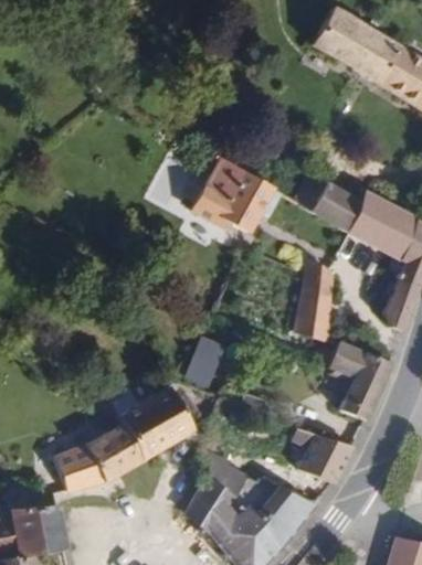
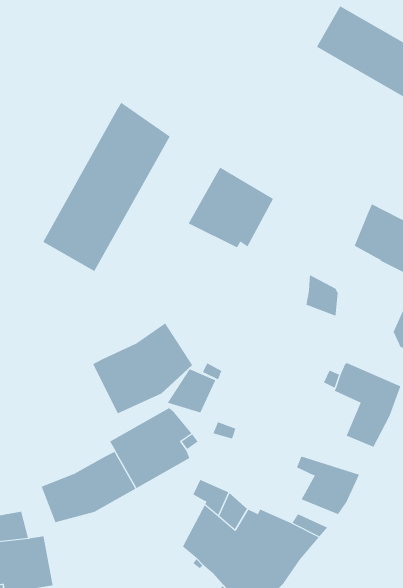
building: none -> [42,102,171,272]
building: [310,182,359,232] -> none
building: [299,287,330,341] -> none
building: none -> [92,323,193,414]

